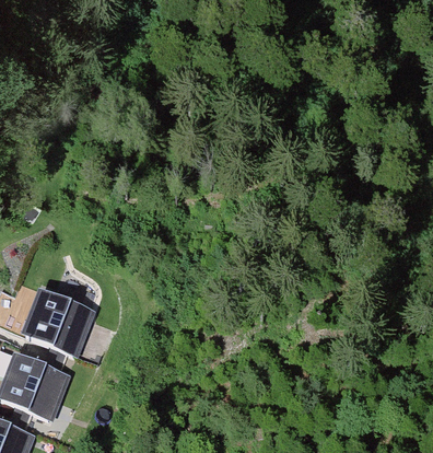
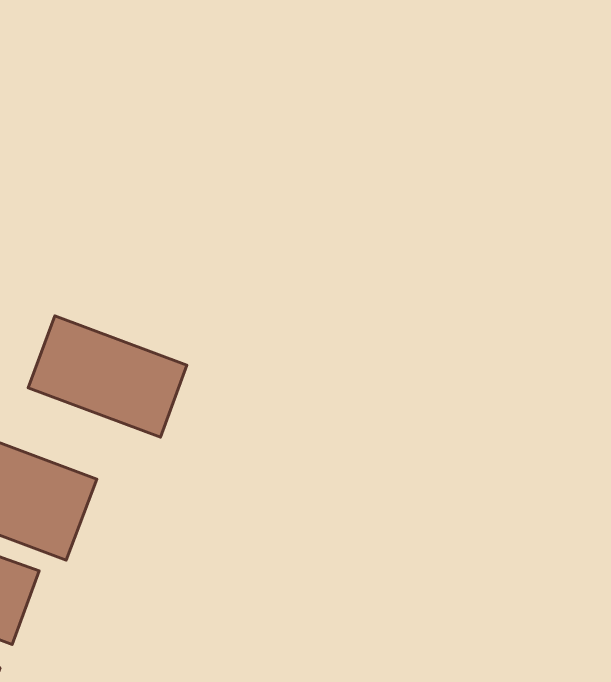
building: none -> [28,316,187,437]

